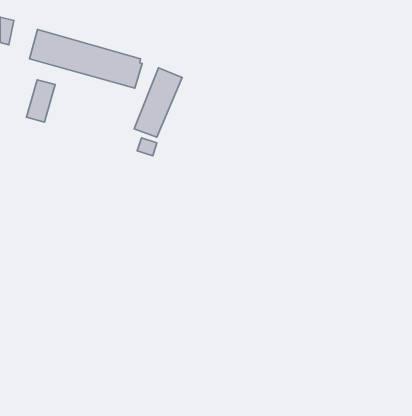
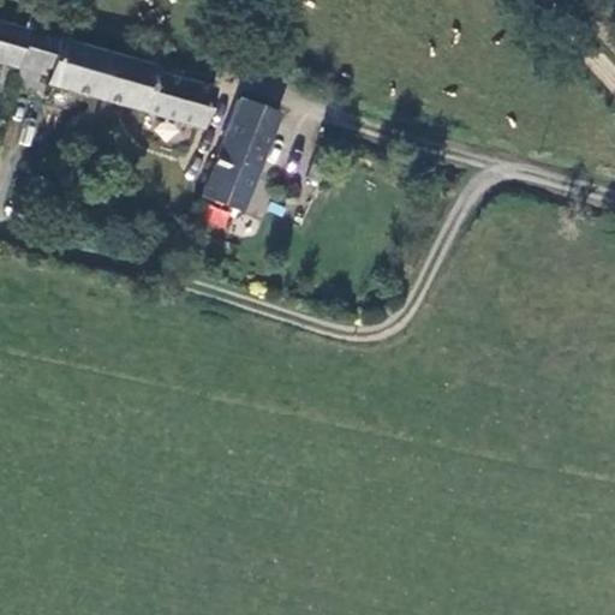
building: [27,80,55,122] -> [22,36,64,98]

